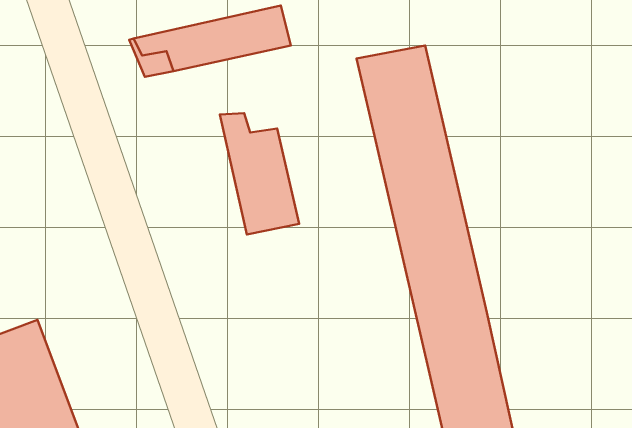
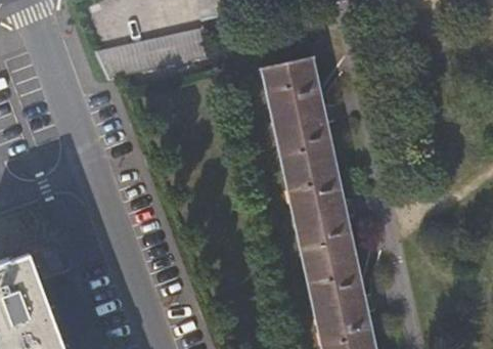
building: [220,113,299,235] -> none

